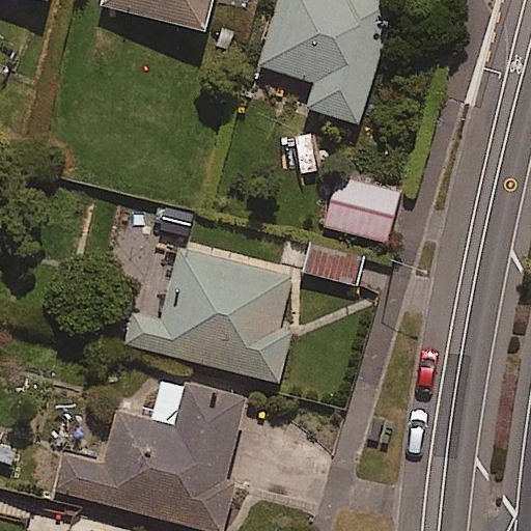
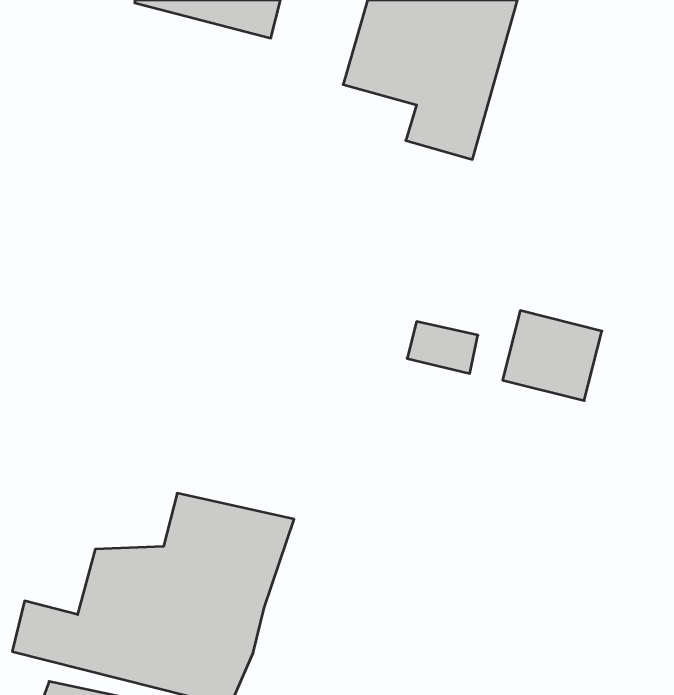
building: [319,171,395,240] -> [503,311,602,401]
building: [108,244,274,379] -> none

